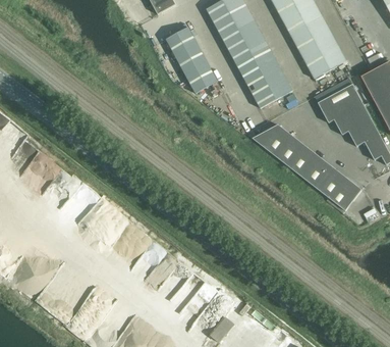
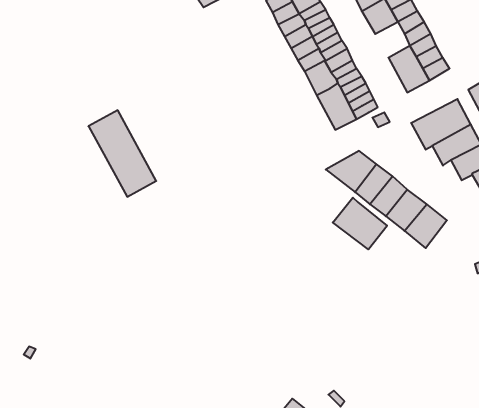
building: [290,24,317,52] -> none
building: [166,27,218,93] -> [88,110,156,197]
building: none -> [333,198,387,249]
building: [329,177,361,210] -> none

